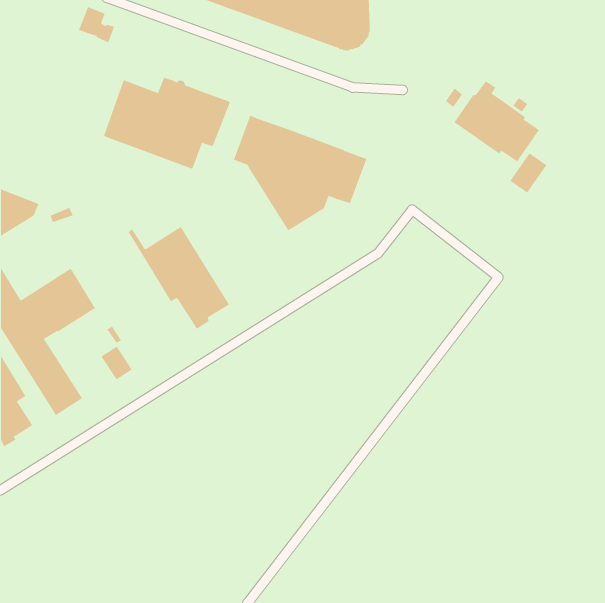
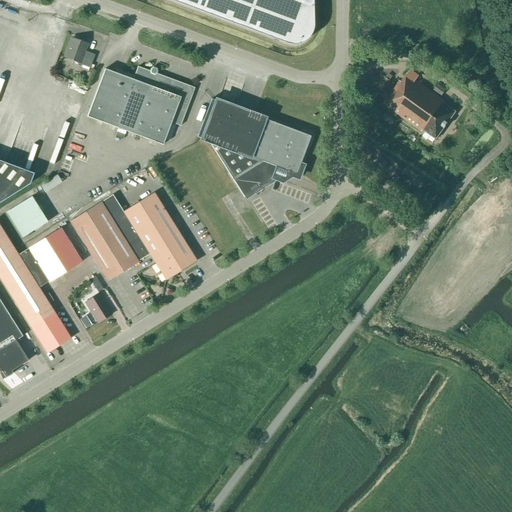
building: [78,6,115,43] -> [64,36,95,67]
building: [509,153,547,193] -> none
building: none -> [6,196,46,236]
building: none -> [70,196,144,280]

